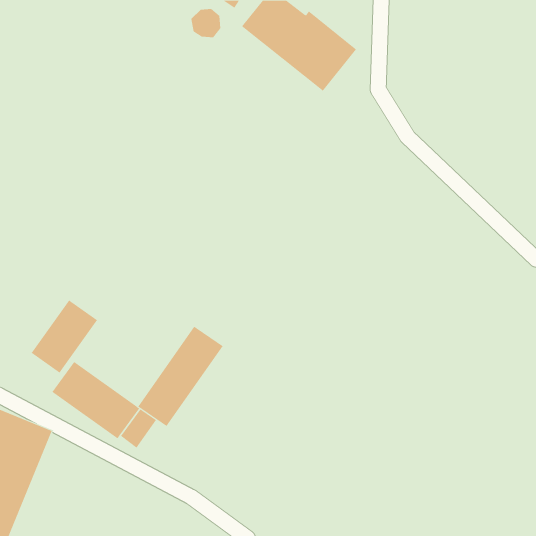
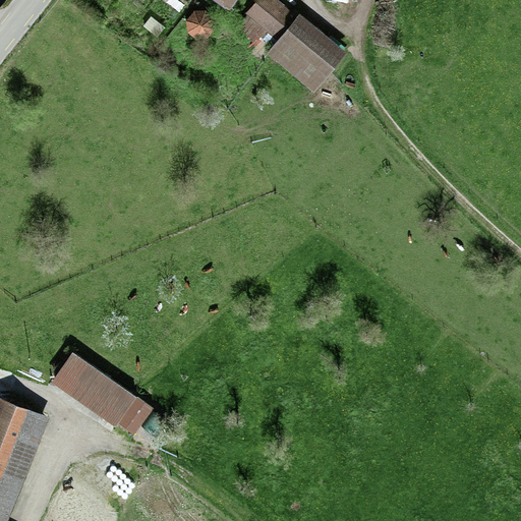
building: [31,300,98,373] -> none
building: [137,326,223,427] -> none

